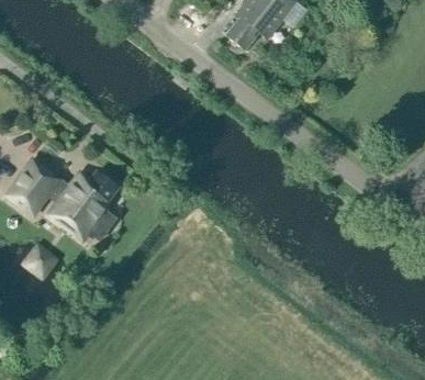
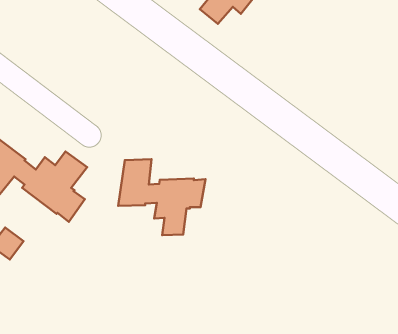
building: none -> [118,159,205,235]

